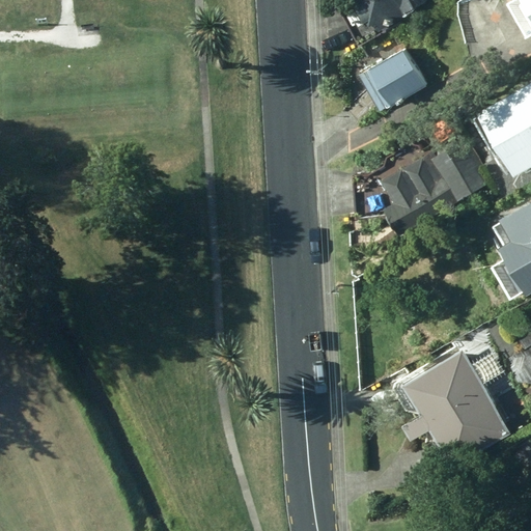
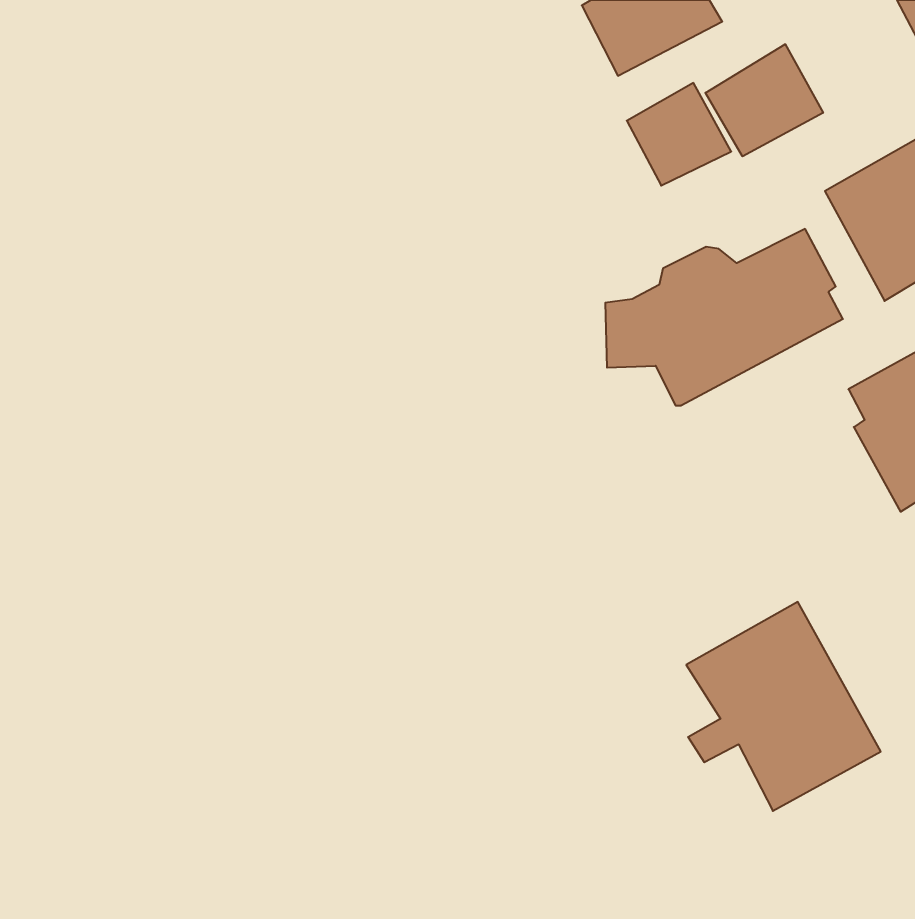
building: none -> [705,44,823,156]

